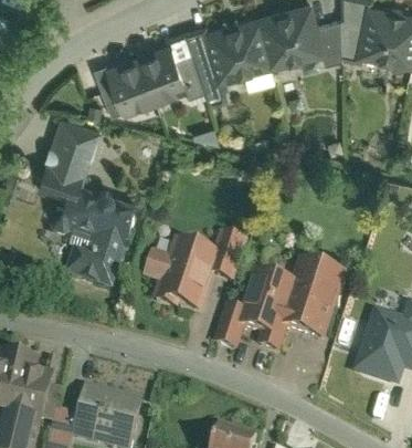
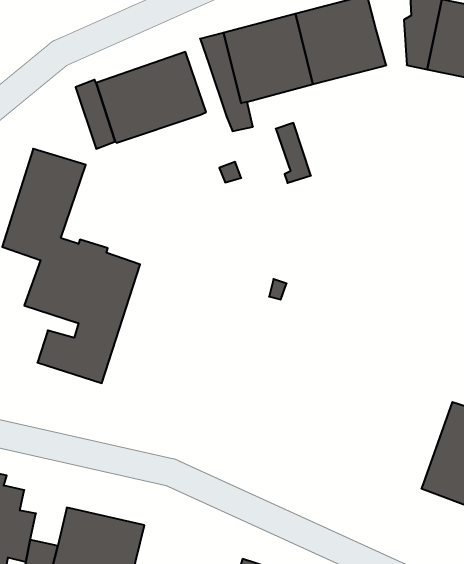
building: [317,17,341,62] -> none
building: [178,50,204,95] -> [276,123,311,183]
building: [141,231,246,316] -> none
building: [213,259,346,352] -> none

